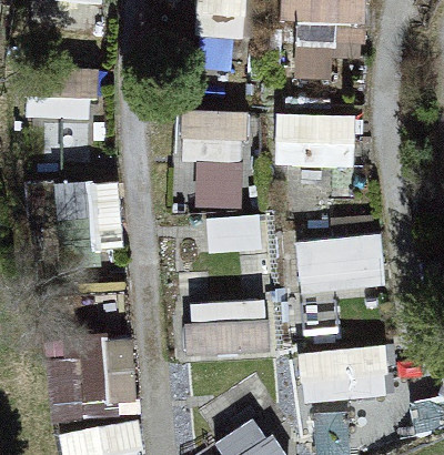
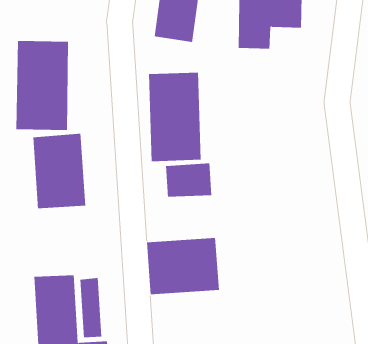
building: [273,104,355,168] -> none
building: [299,232,382,293] -> none
building: [299,341,392,402] -> none

